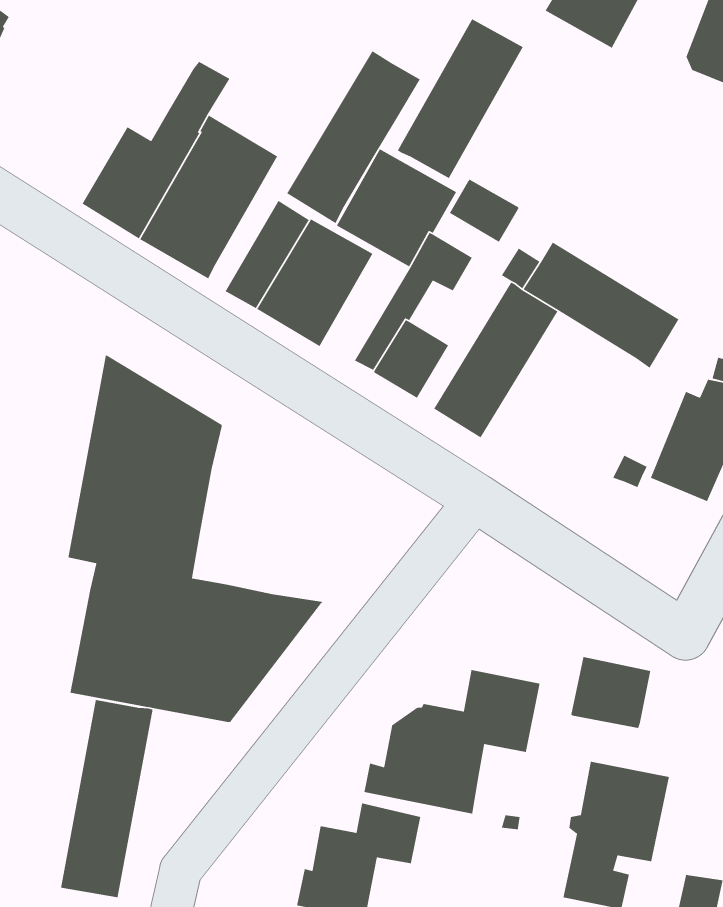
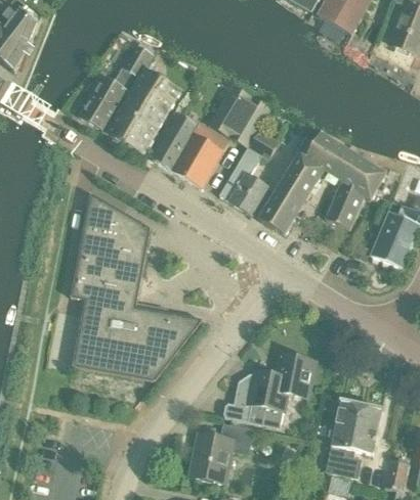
building: [397,18,524,179] -> none
building: [286,50,421,224] -> none
building: [449,179,520,243] -> none
building: none -> [327,180,365,228]
building: [571,656,651,729] -> none
building: [60,699,153,898] -> none

